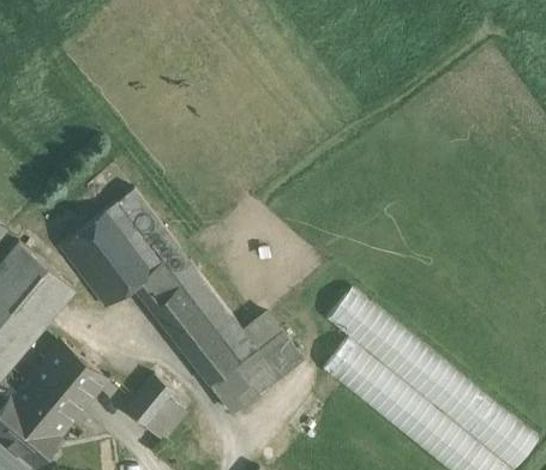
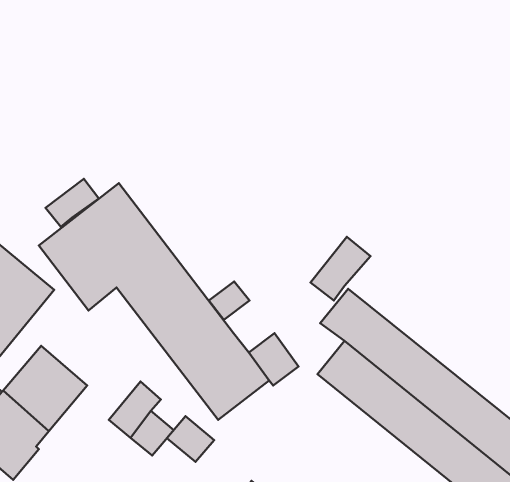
building: none -> [46,179,99,227]
building: none -> [310,237,371,300]
building: [244,311,282,347] -> [209,282,249,320]
building: none -> [167,416,214,462]

